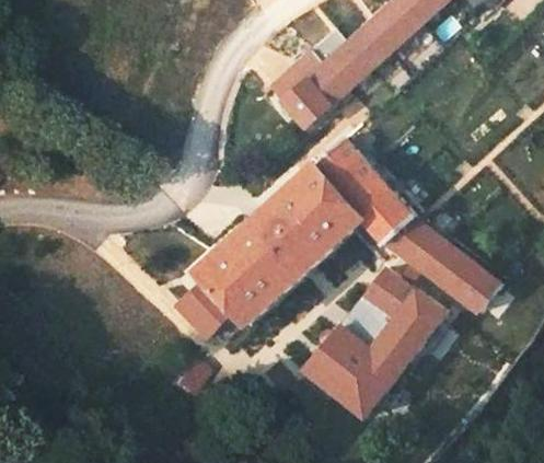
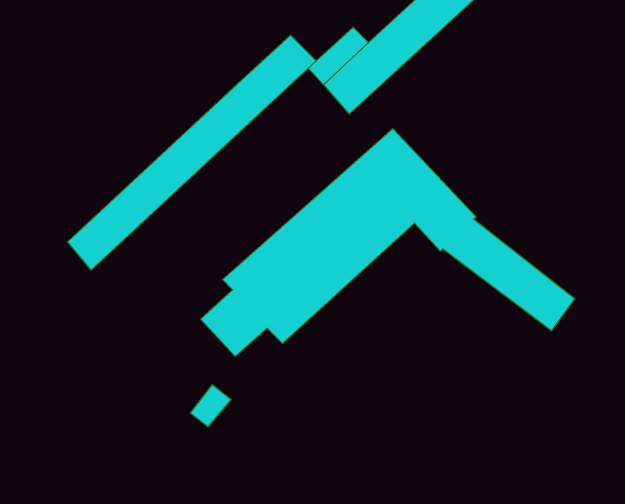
building: none -> [67,35,316,270]
building: [308,268,444,416] -> none

